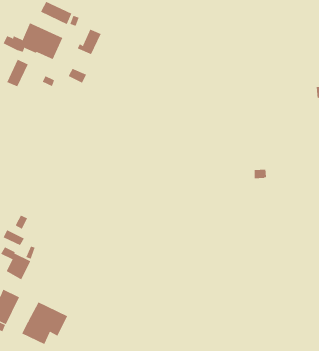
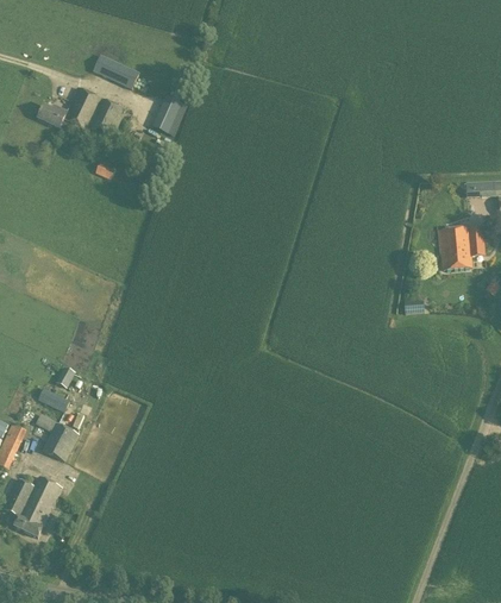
building: [6,59,28,87] -> none
building: none -> [438,226,484,269]
building: [22,301,68,345] -> none

